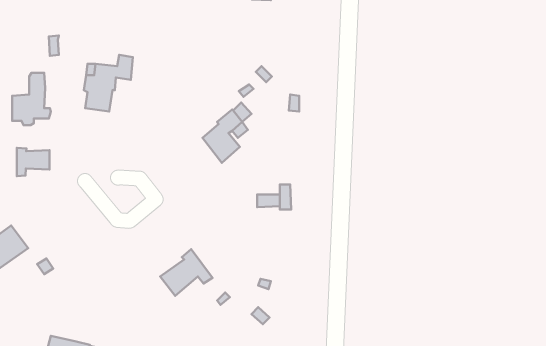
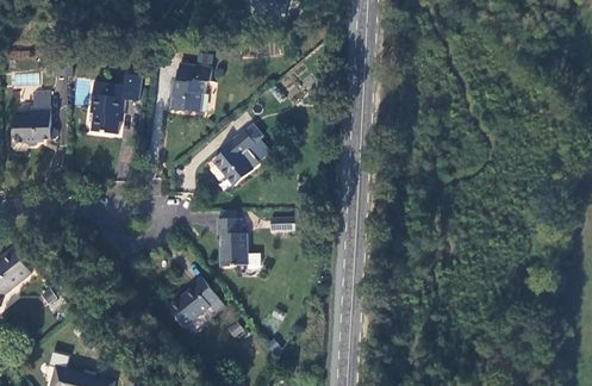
building: none -> [170,66,212,112]
building: [17,148,50,176] -> none
building: none -> [218,219,260,269]

